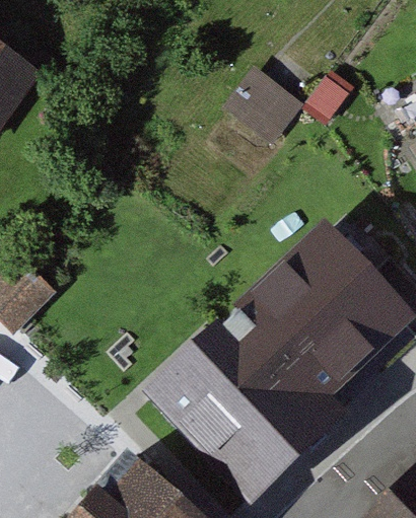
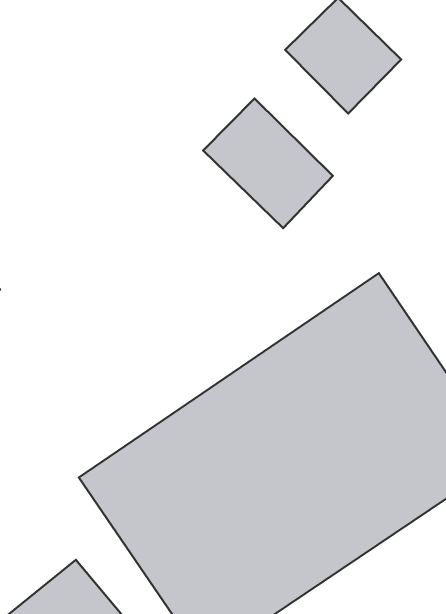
building: none -> [203,98,333,228]

